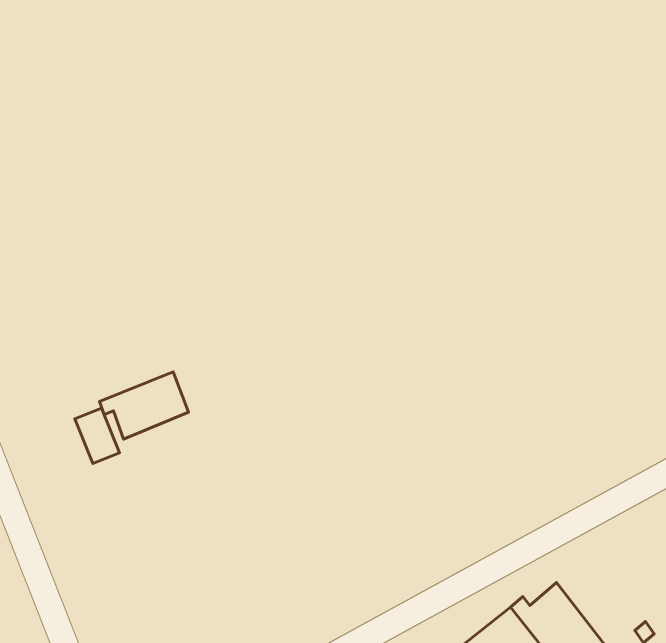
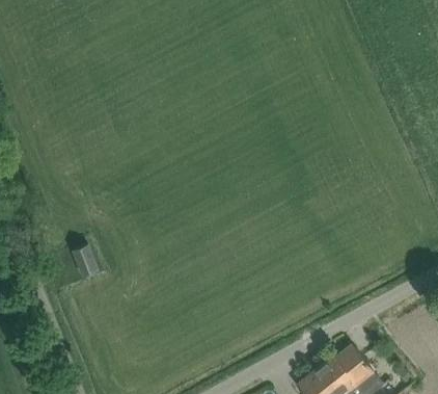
building: [99,372,189,439] -> none

